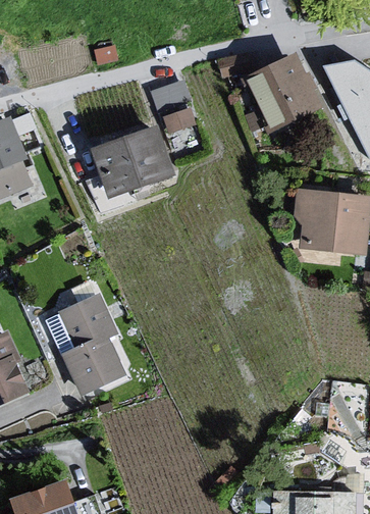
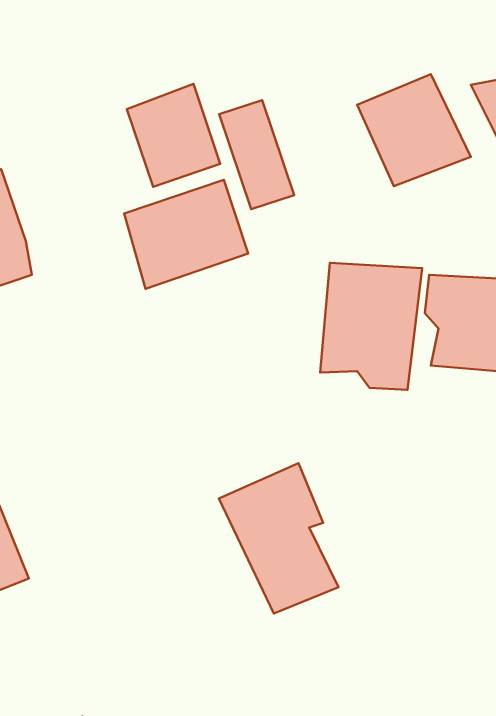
building: none -> [127,84,220,187]
building: none -> [320,263,422,390]
building: [43,297,122,397] -> [219,463,338,613]

